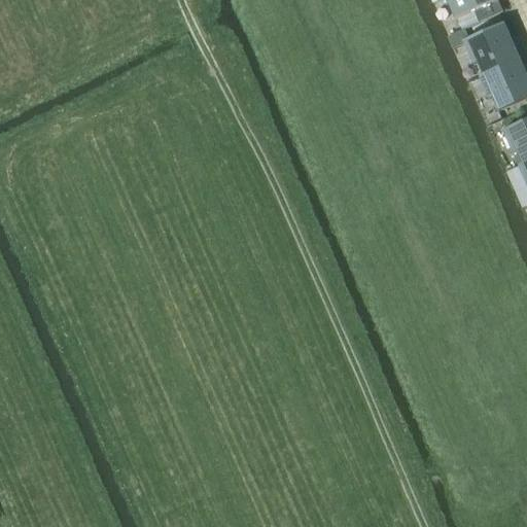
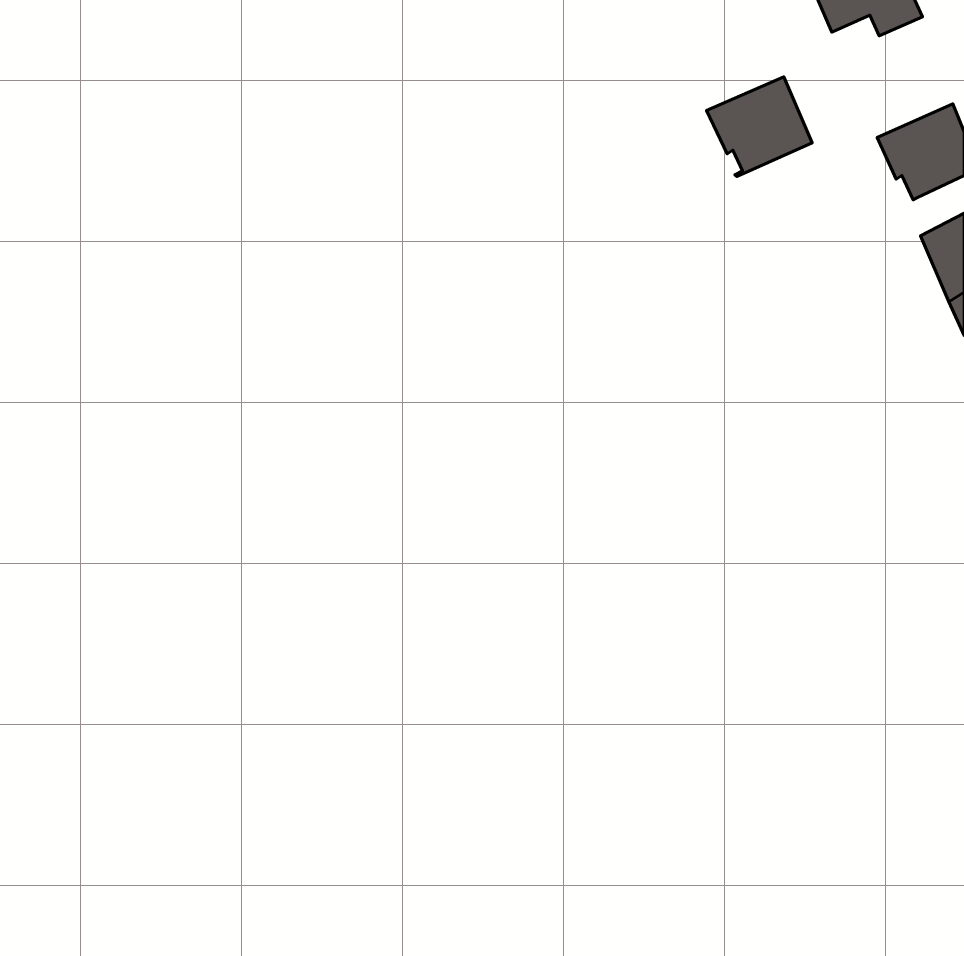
building: [462,21,520,75] -> [707,77,812,177]

